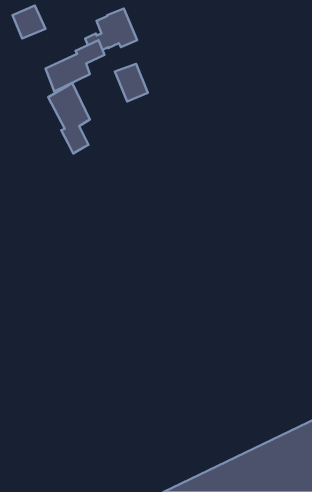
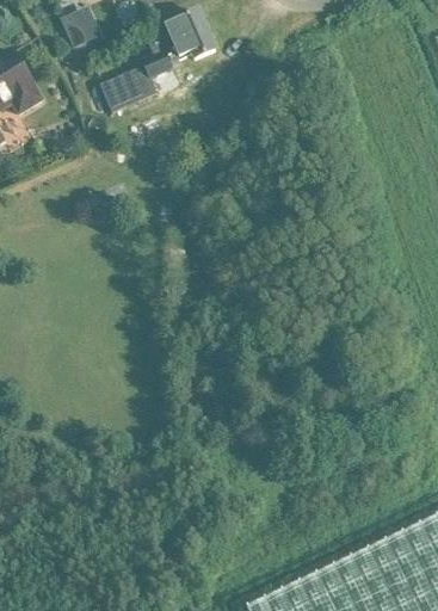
building: [115,64,148,101] -> none
building: [48,83,90,153] -> none

